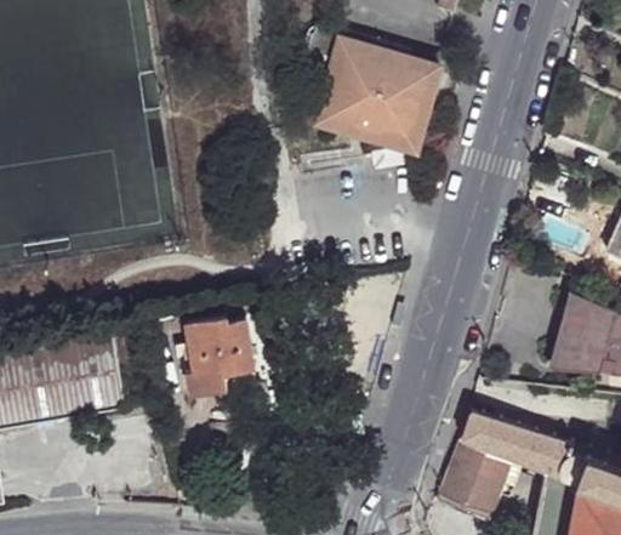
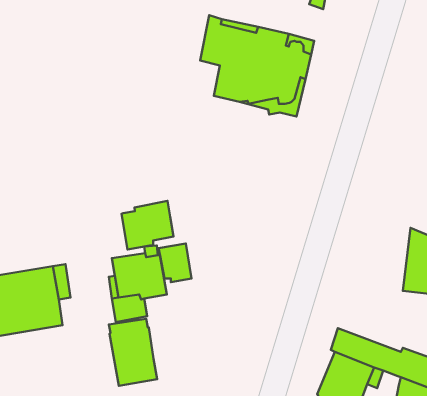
building: none -> [121,201,174,249]
building: none -> [159,243,191,282]
building: none -> [109,319,157,386]

